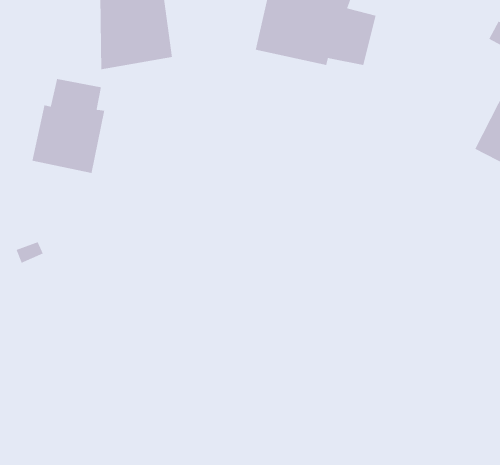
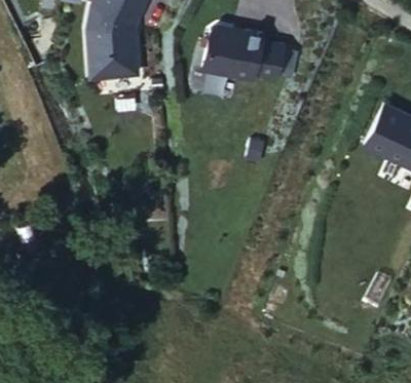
building: [31,78,105,174] -> none

